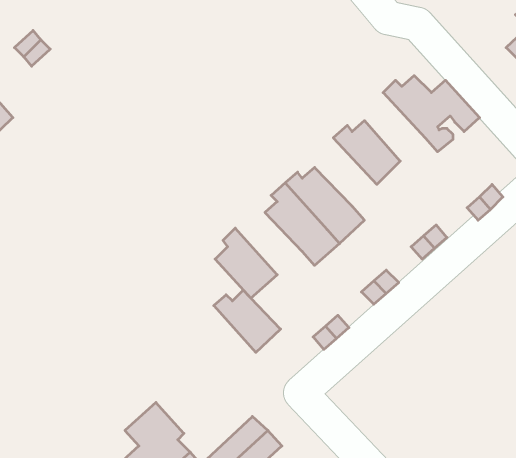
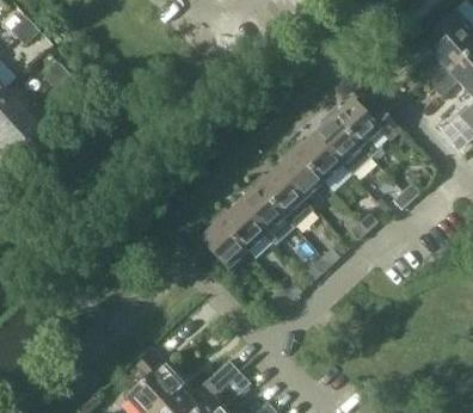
building: none -> [314,112,370,175]
building: none -> [276,147,324,199]
building: [214,290,281,352] -> [215,204,266,252]

